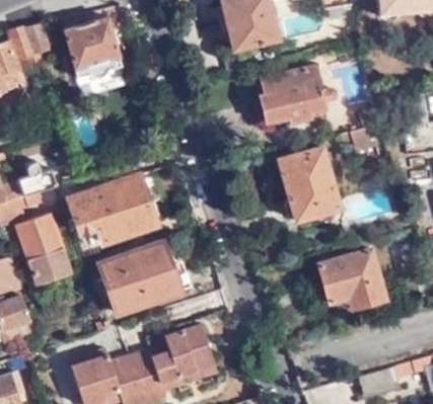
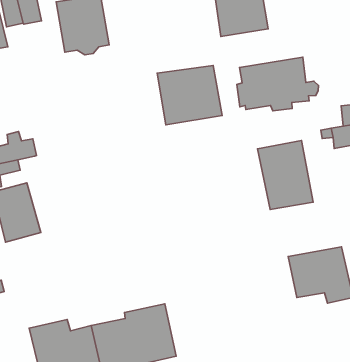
building: none -> [157,66,222,125]
building: [61,176,154,243] -> none
building: [98,242,179,312] -> none

